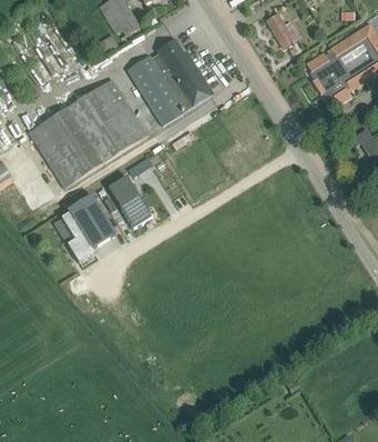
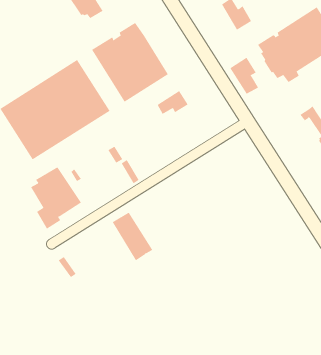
building: none -> [229,57,259,94]
building: none -> [157,90,188,115]
building: [108,175,152,229] -> [112,212,153,261]

